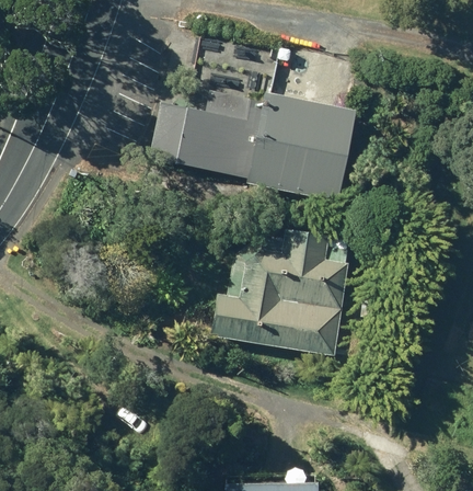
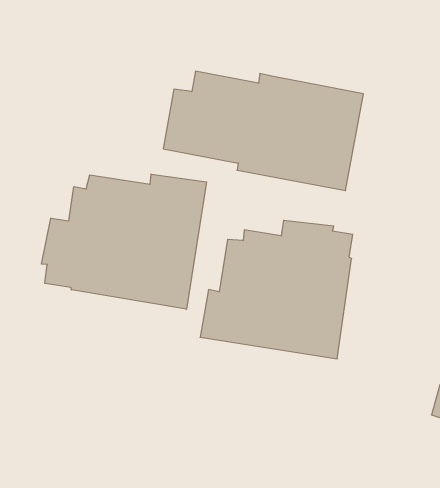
building: none -> [42,174,206,309]

